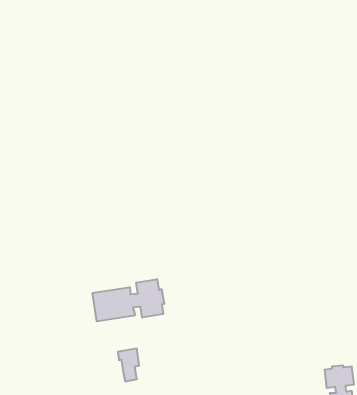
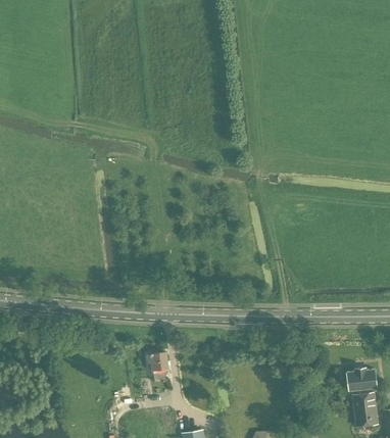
building: [93,279,164,321] -> none

